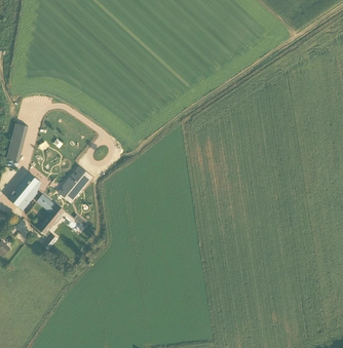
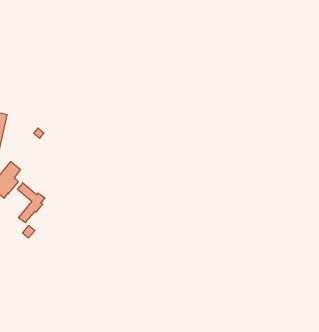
building: [60,165,91,199] -> none

